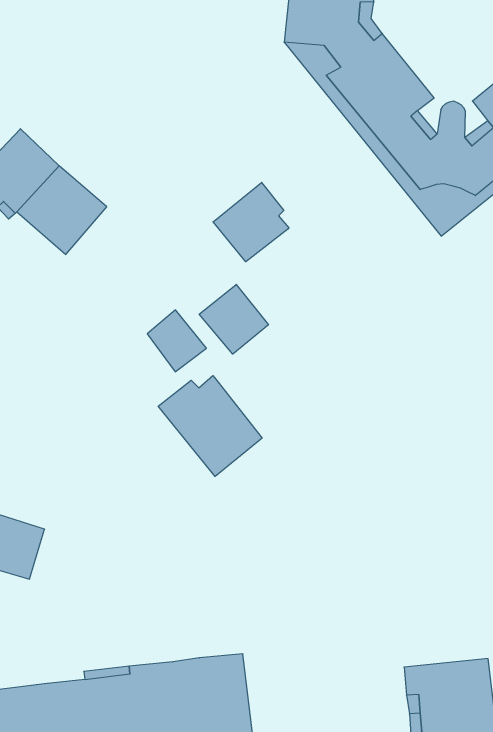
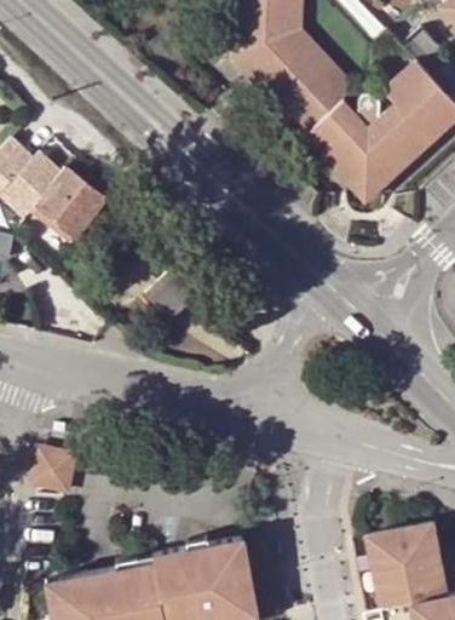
building: [213,182,289,262] -> none
building: [199,284,268,354] -> none
building: [158,376,262,476] -> none

